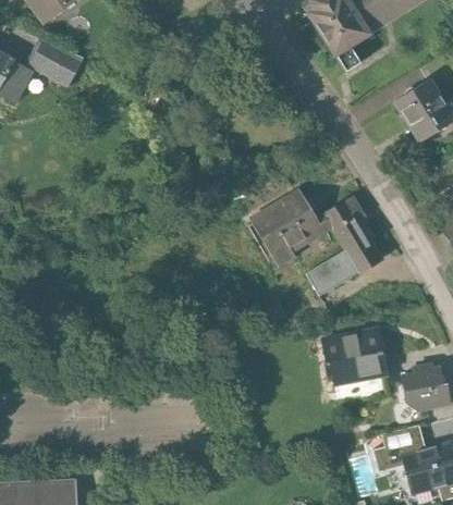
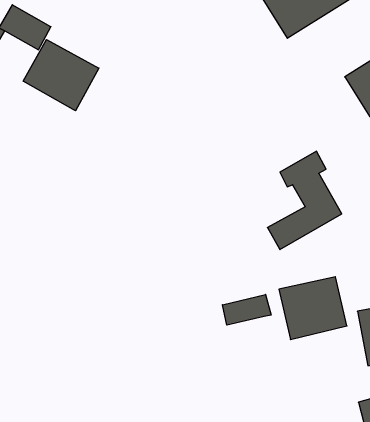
building: none -> [23,40,99,111]
building: [249,184,328,259] -> none
building: none -> [222,294,271,325]

